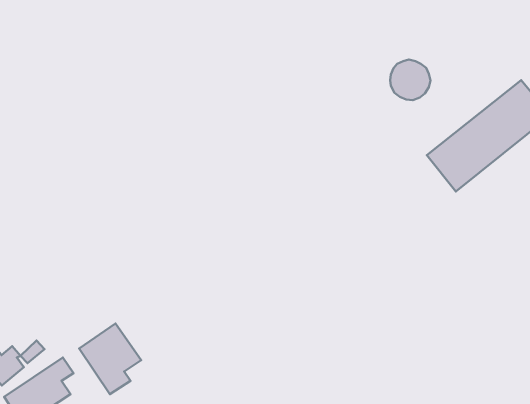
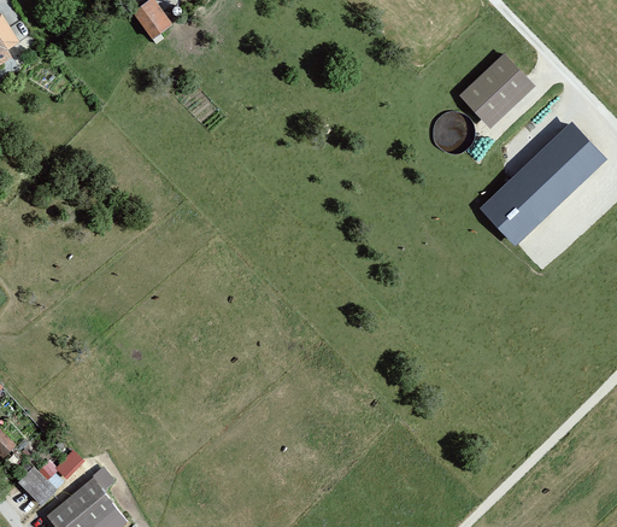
building: none -> [460,53,536,128]
building: [79,323,141,394] -> none

